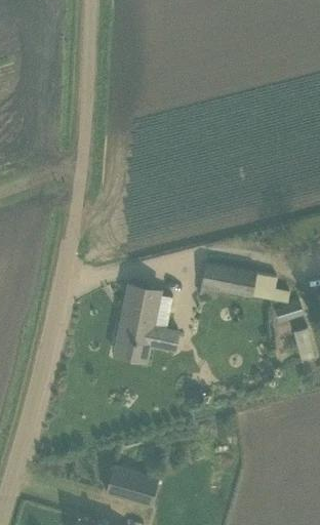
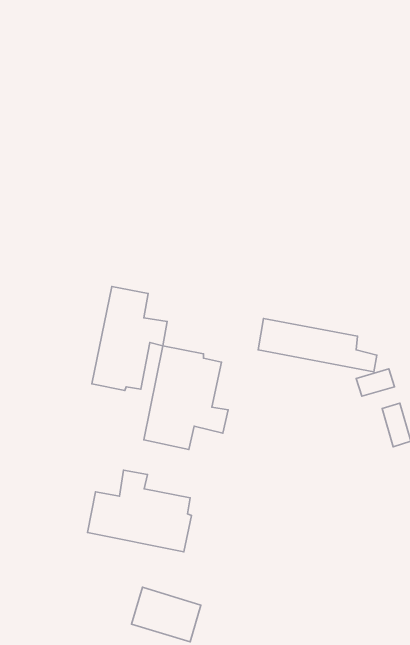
building: none -> [92,287,167,391]
building: none -> [88,470,191,552]

